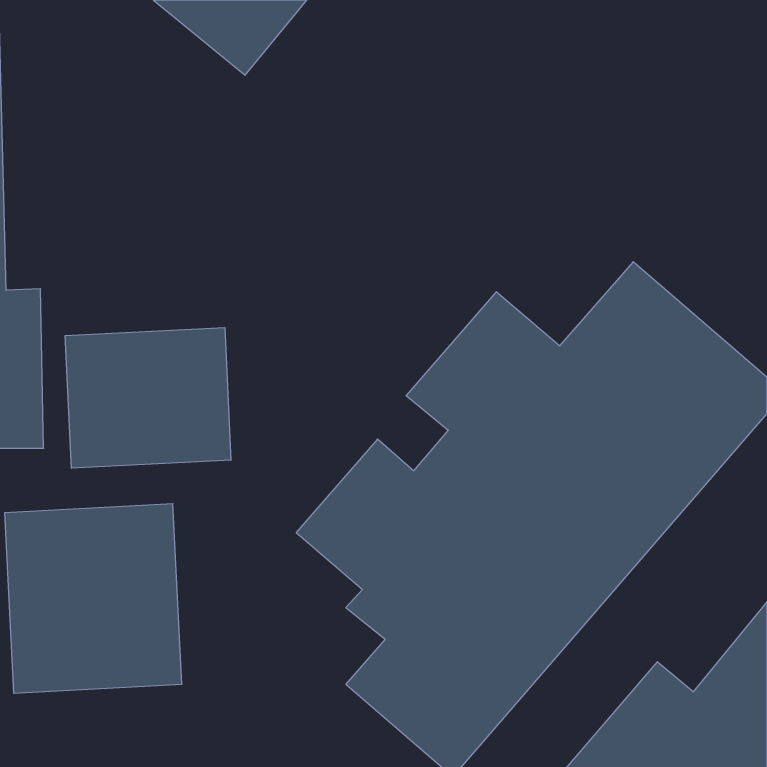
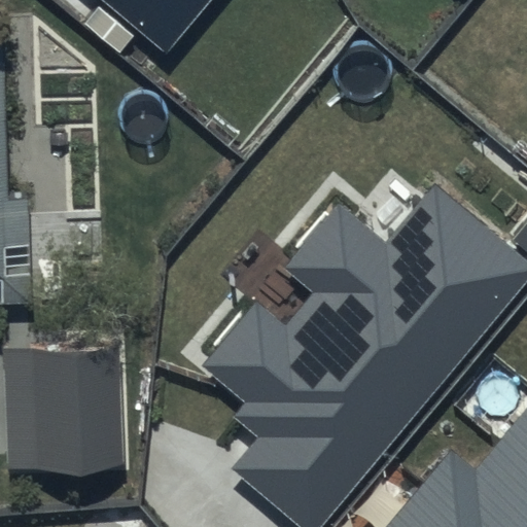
building: [65,328,231,468] -> none

